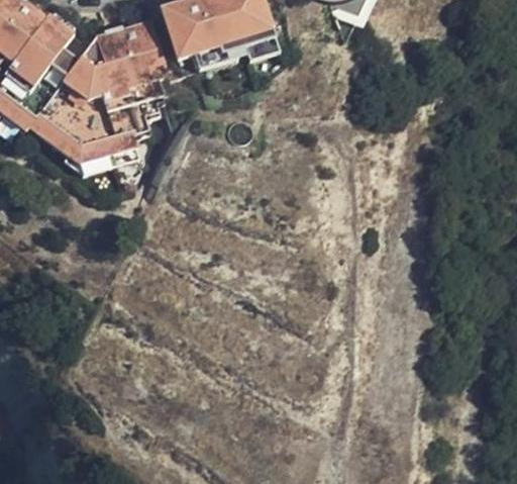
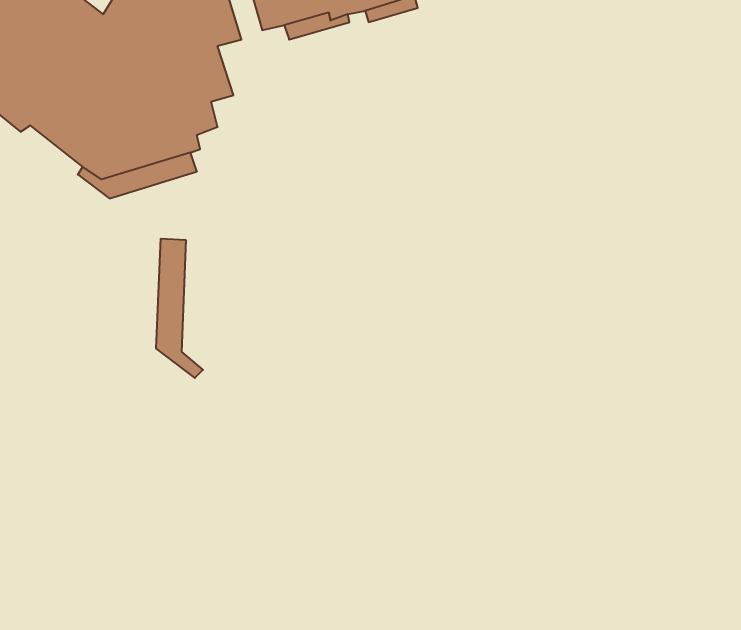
building: none -> [156,239,203,378]

